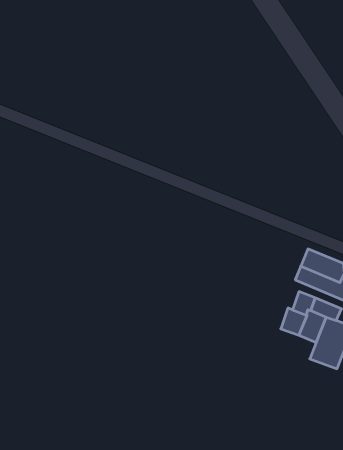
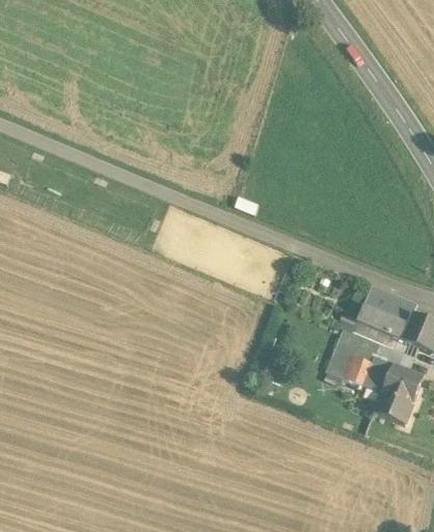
building: none -> [323,327,362,378]

